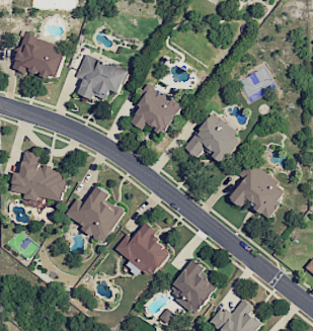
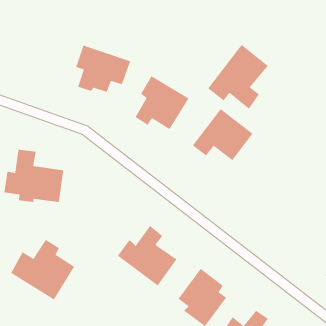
building: [13,33,64,79] -> none
building: none -> [207,44,269,110]
building: [229,161,288,217] -> none
building: [64,185,124,242] -> [10,239,75,301]

